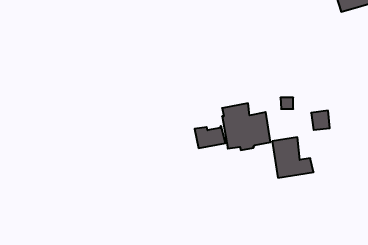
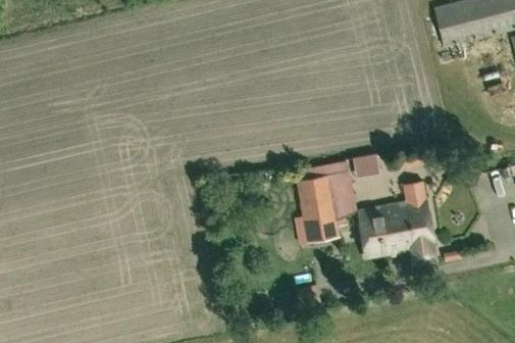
building: [195,126,225,148] -> [302,216,341,244]
building: none -> [390,199,436,265]

